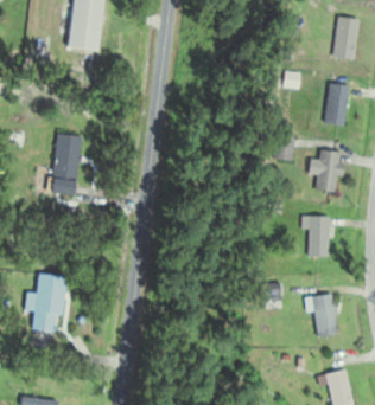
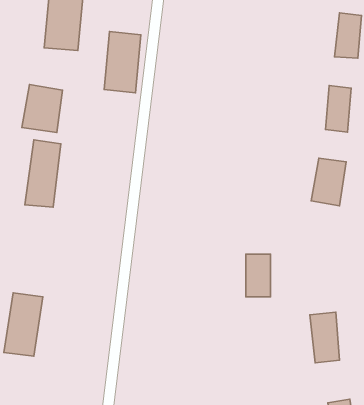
building: none -> [104,31,141,93]
building: none -> [22,84,63,133]
building: [307,217,330,256] -> [246,254,271,297]

